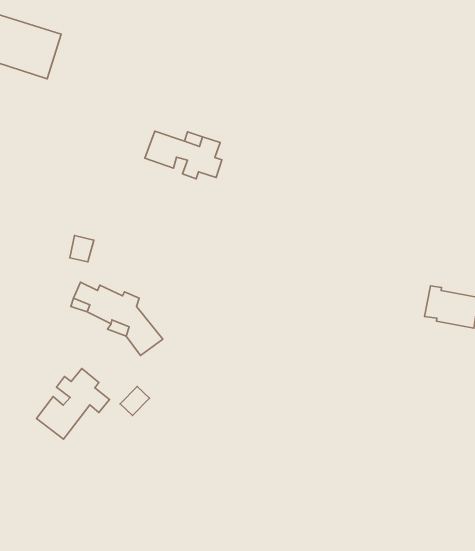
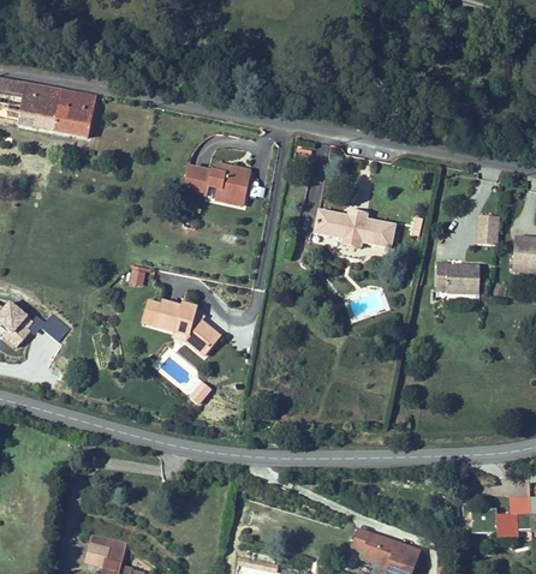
building: none -> [315,205,395,243]
building: [37,369,110,439] -> none

